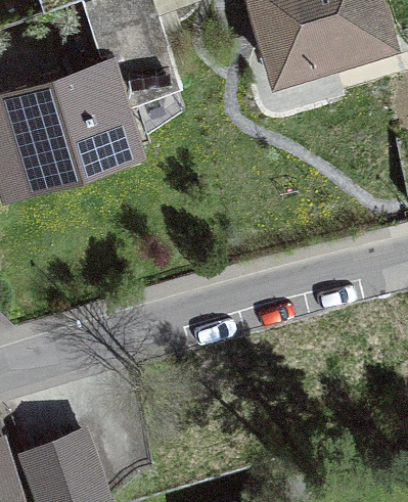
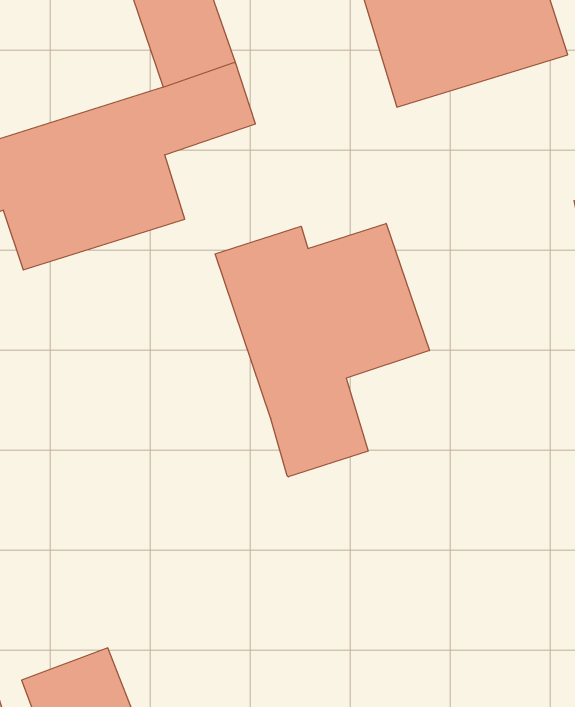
building: none -> [215,223,429,477]

